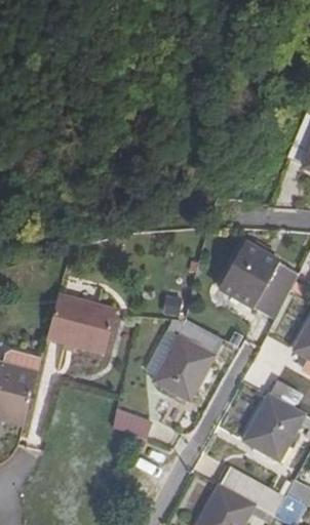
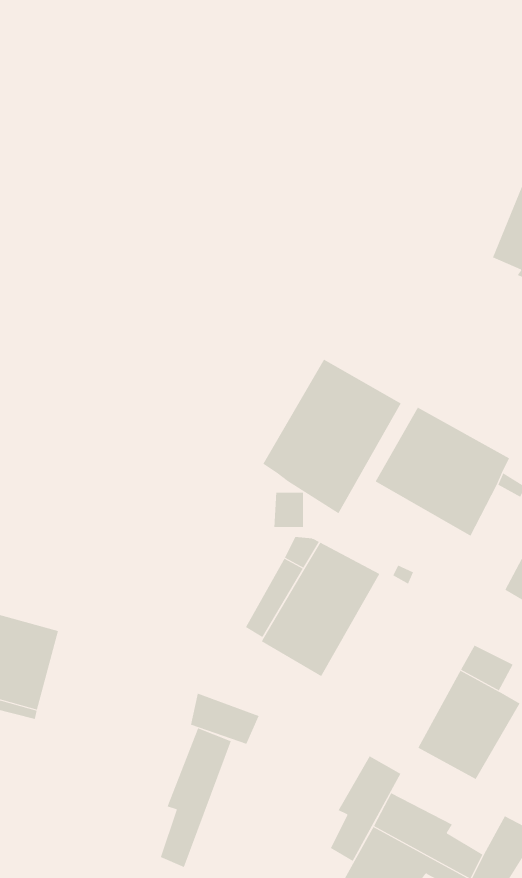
building: none -> [262,359,401,514]
building: [47,296,117,354] -> none
building: none -> [160,728,231,868]
building: none -> [330,756,401,862]

